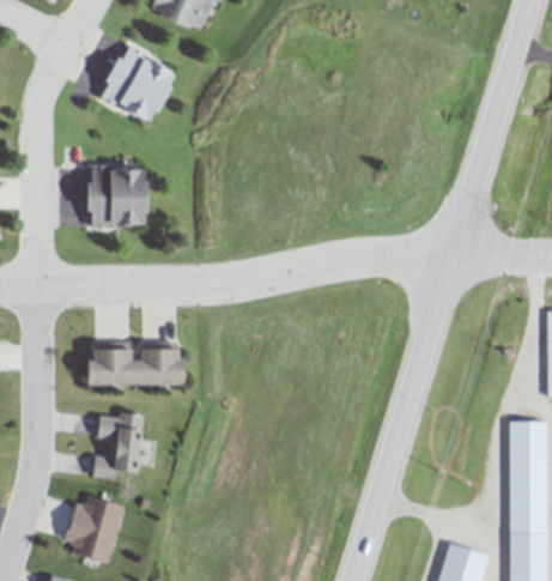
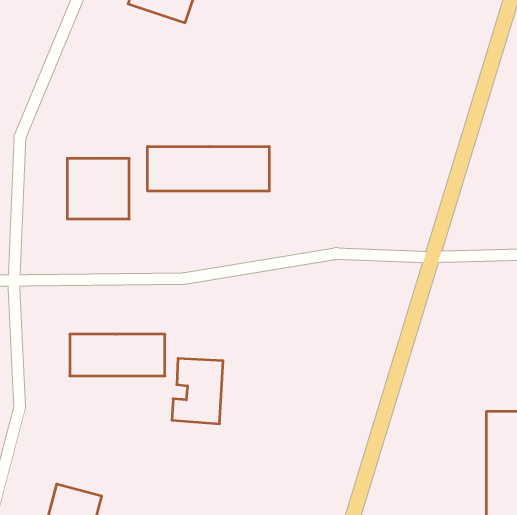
building: [101,44,180,123] -> none
building: none -> [148,146,269,191]
building: [93,413,145,479] -> [172,358,223,424]

